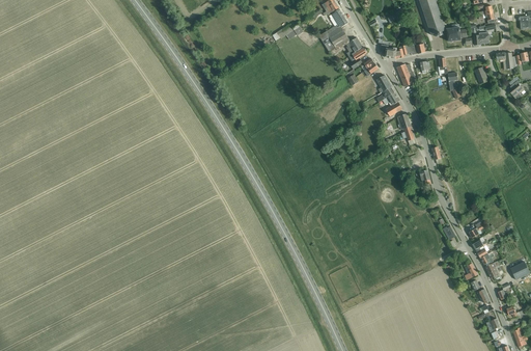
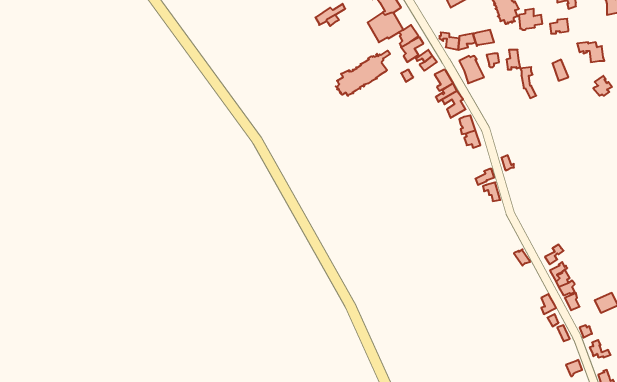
building: none -> [336,51,390,96]

